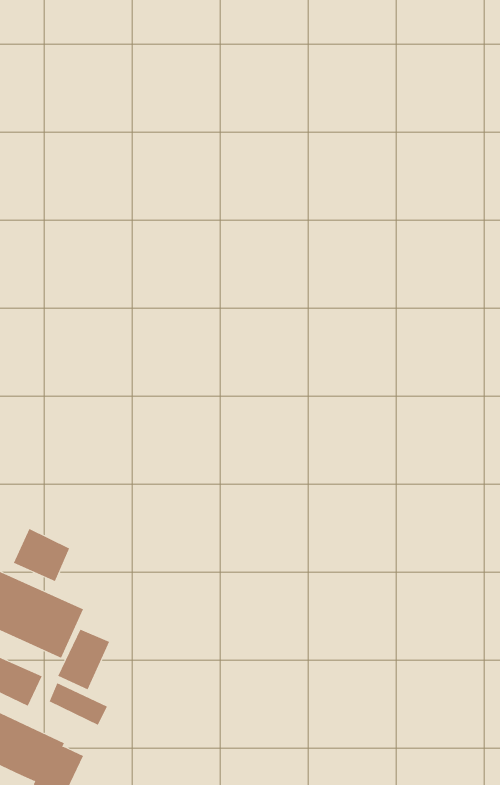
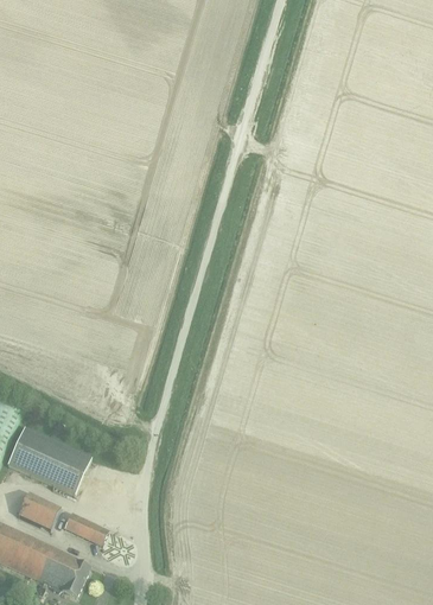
building: [13,528,70,582] -> none
building: [57,629,110,690] -> none

